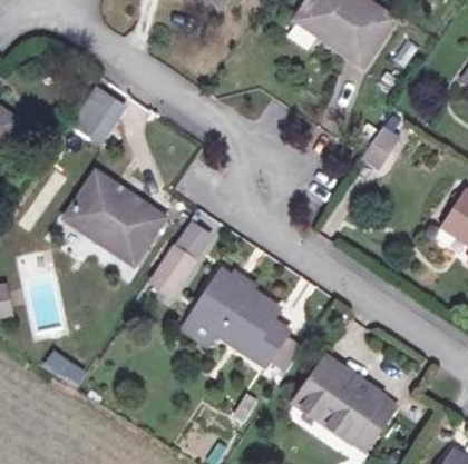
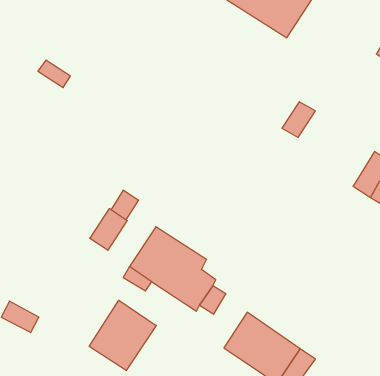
building: [75,100,118,142] -> none
building: [67,172,162,260] -> none
building: none -> [89,300,156,371]

